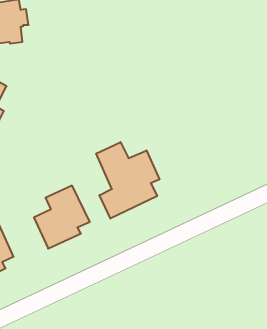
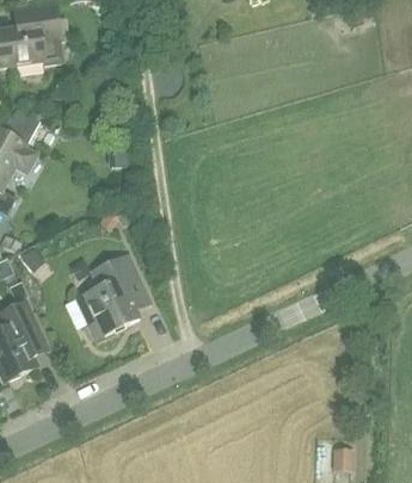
building: [96,142,159,219] -> none

